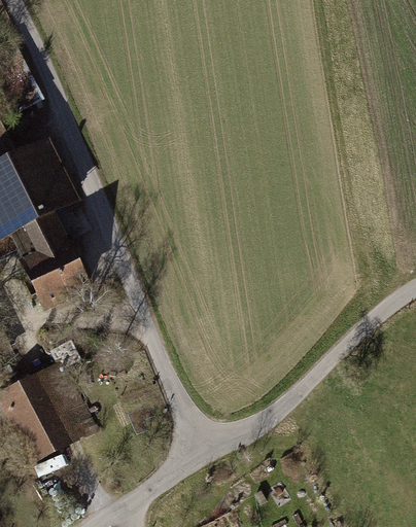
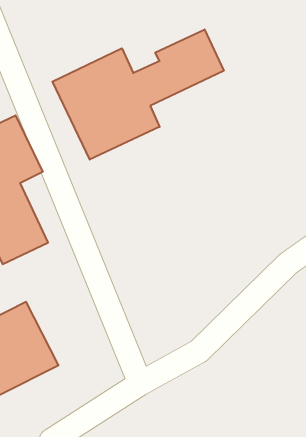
building: none -> [53,29,224,160]

